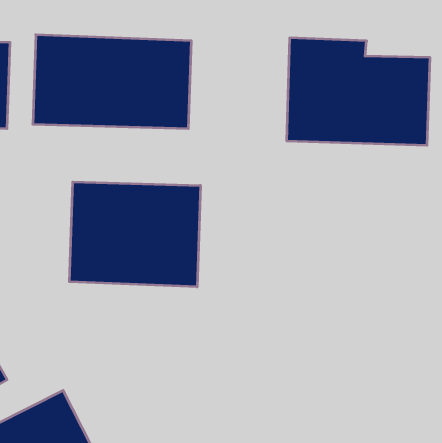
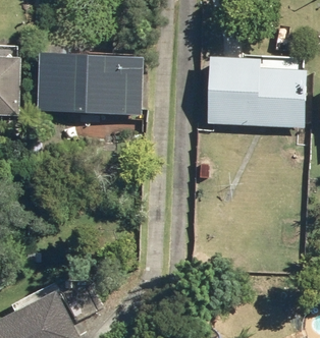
building: [69,182,200,287] -> none

